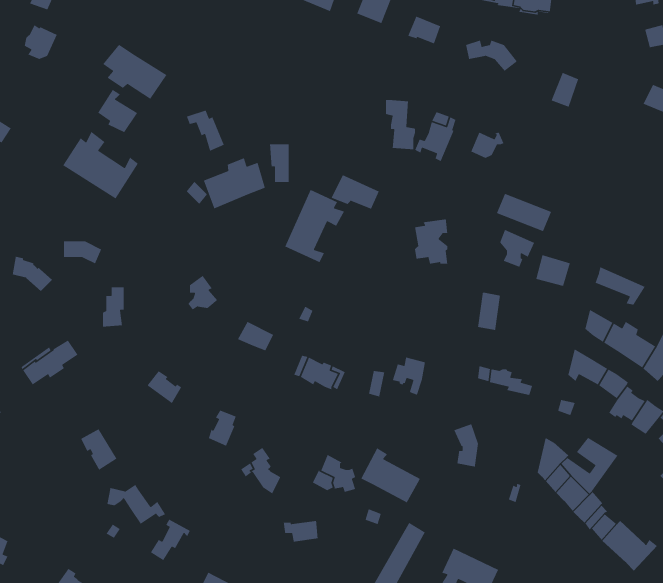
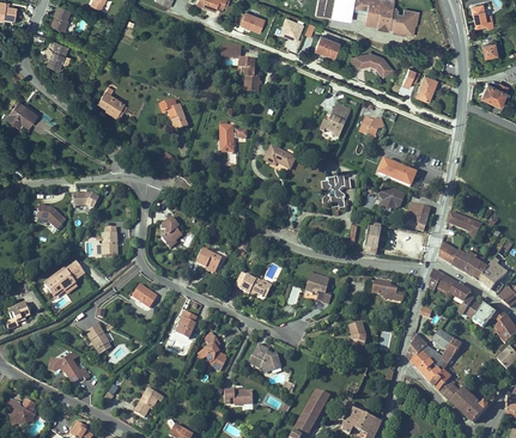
building: [102,44,167,100] -> none
building: [385,99,416,150] -> [237,56,259,92]
building: [62,131,139,200] -> none
building: [203,157,266,209] -> none
building: [284,189,345,263] -> none
building: [360,447,421,504] -> none
building: [106,484,166,525] -> [48,354,90,383]

